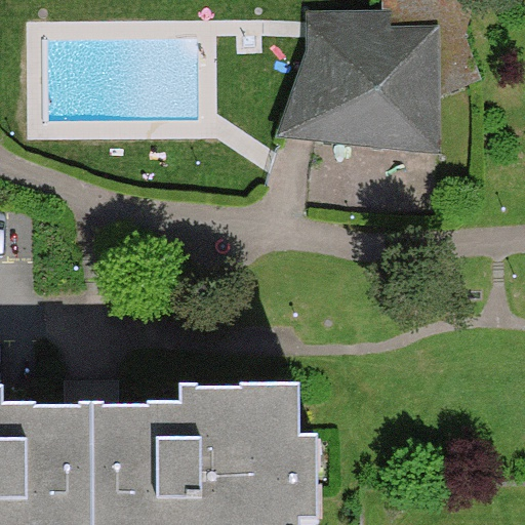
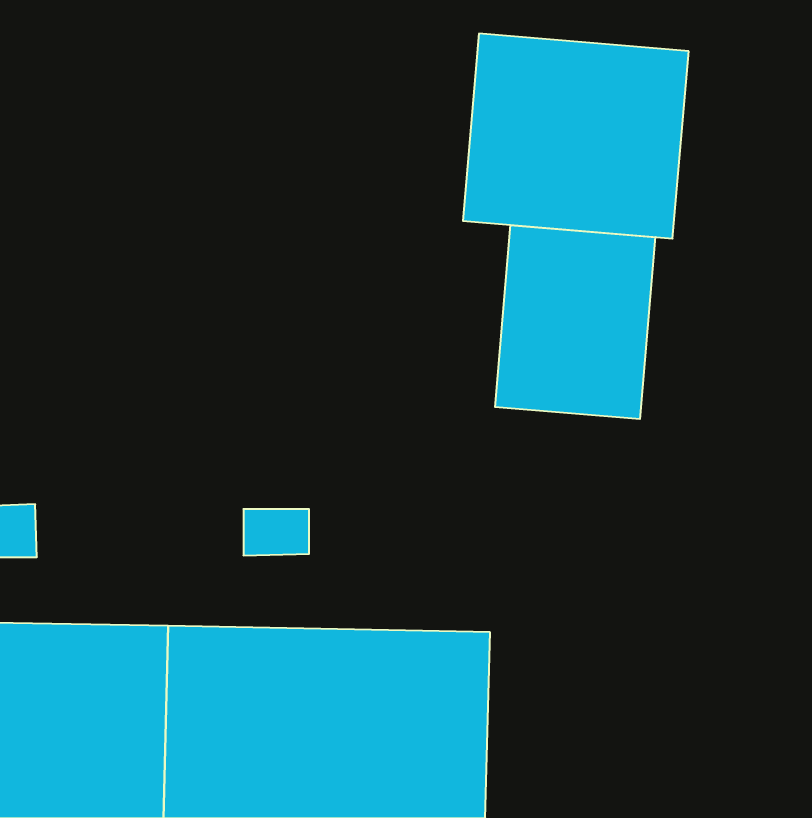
building: none -> [495,225,655,419]

